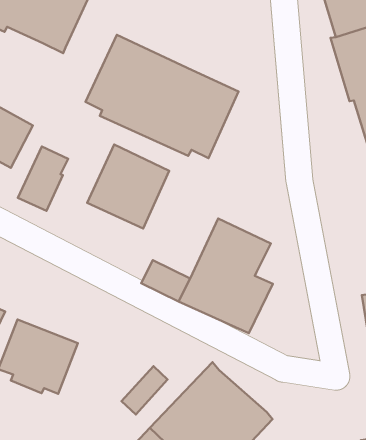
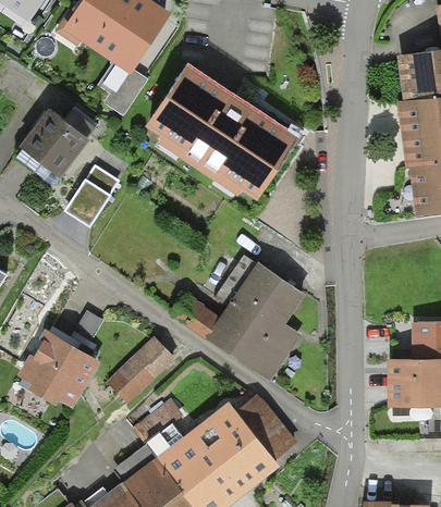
building: none -> [98,62,149,114]
building: [87,144,169,229] -> none
building: none -> [107,335,176,403]
building: none -> [235,393,298,460]

